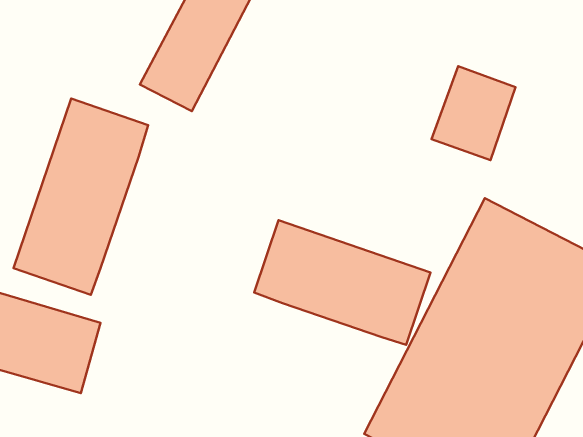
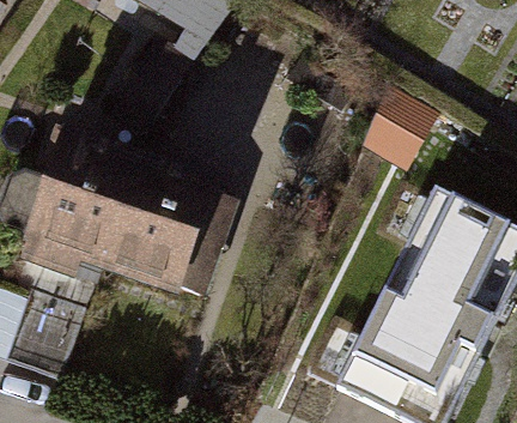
building: none -> [89,163,213,289]
building: [254,220,431,345] -> none

